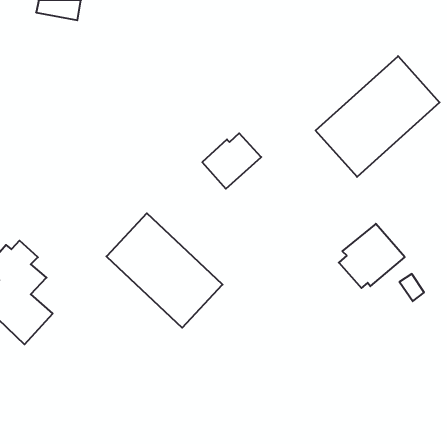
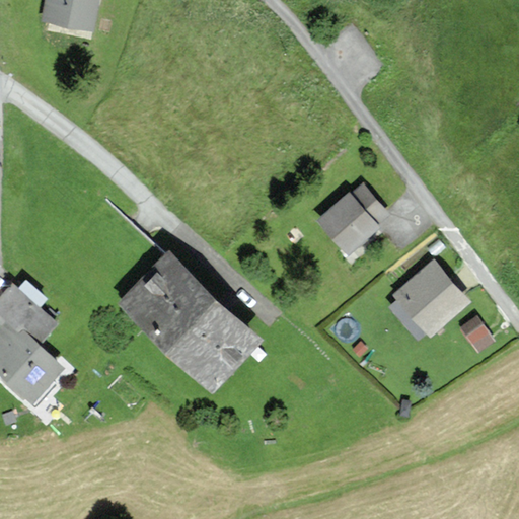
building: [316,56,440,177] -> none
building: [202,133,261,189] -> [318,190,386,253]

